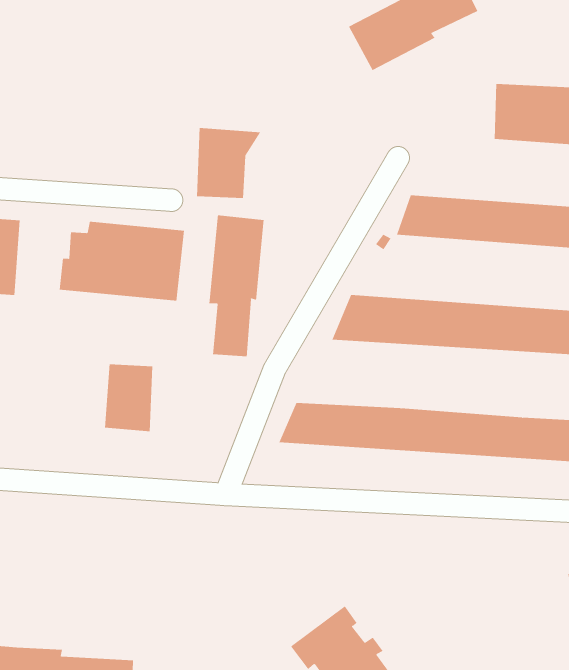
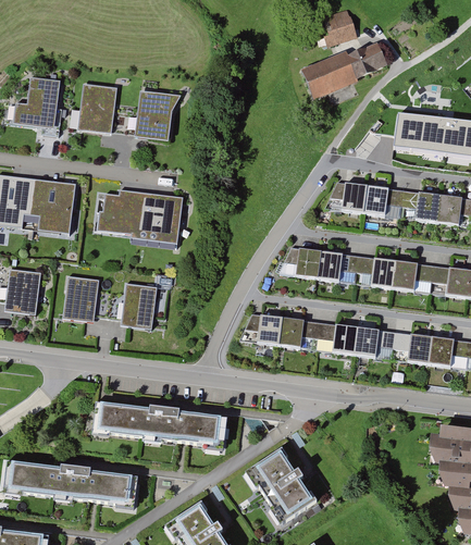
building: none -> [79,80,121,132]
building: [196,128,261,199] -> [138,88,184,137]
building: [209,215,264,357] -> none
building: none -> [65,274,101,321]
building: none -> [87,400,223,456]

